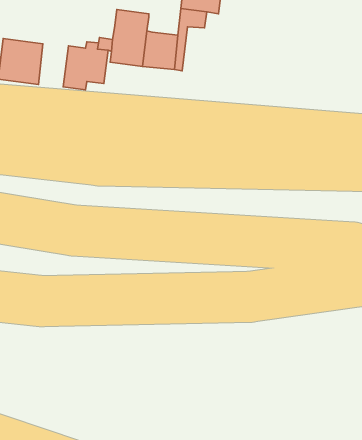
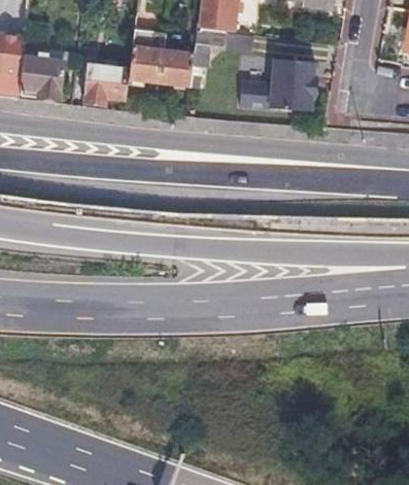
building: none -> [241,59,320,111]

